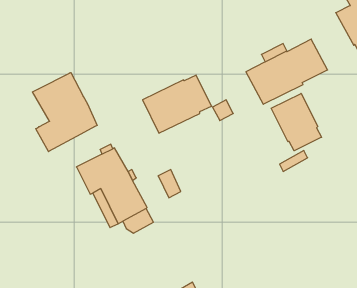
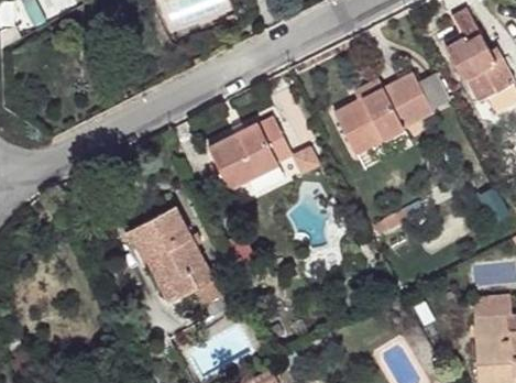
building: [32,73,97,152] -> none
building: [271,93,322,151] -> none

